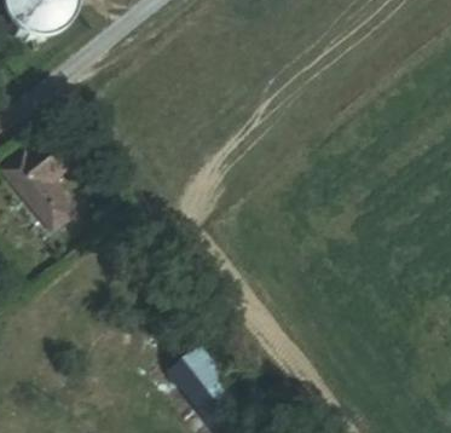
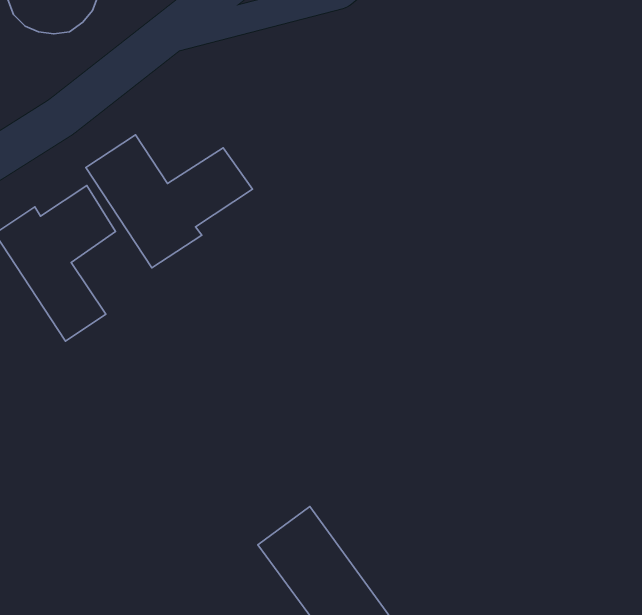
building: none -> [86,135,253,268]

